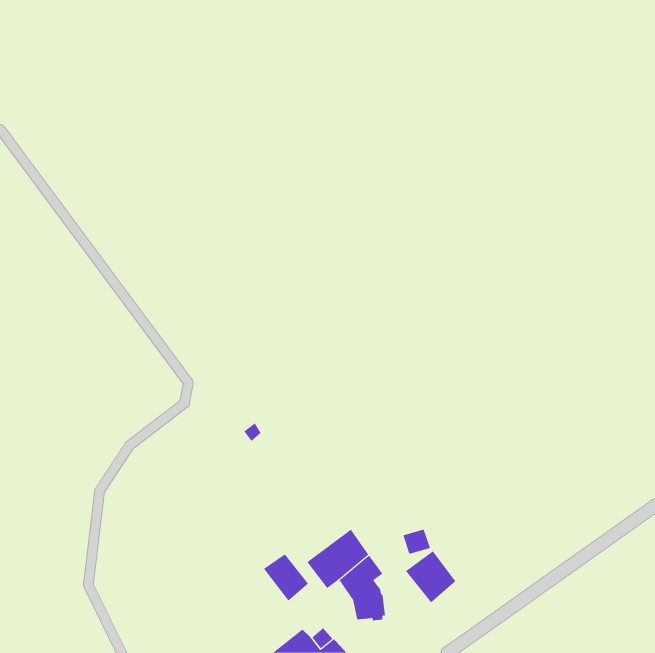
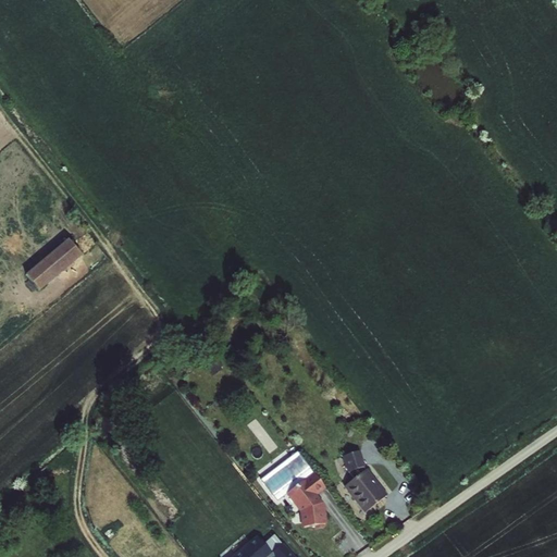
building: none -> [24,237,82,290]
building: [263,553,309,601] -> none

